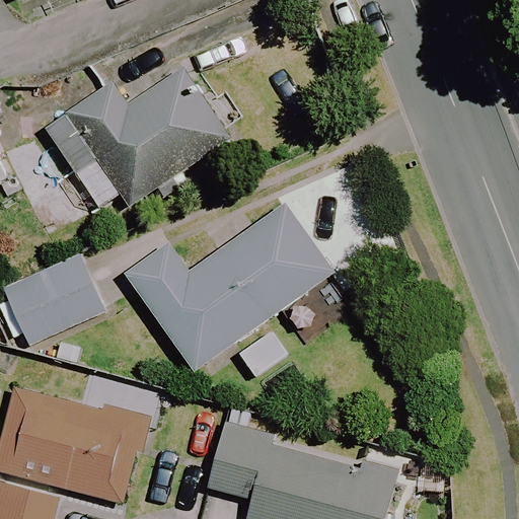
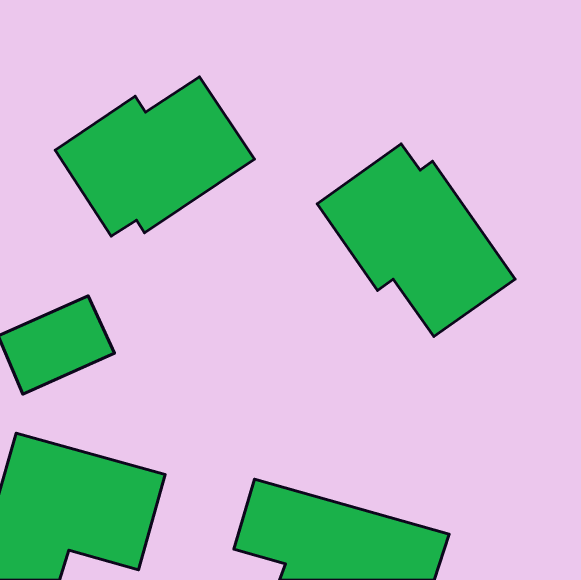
building: none -> [317,144,515,336]
building: [127,204,333,371] -> none

